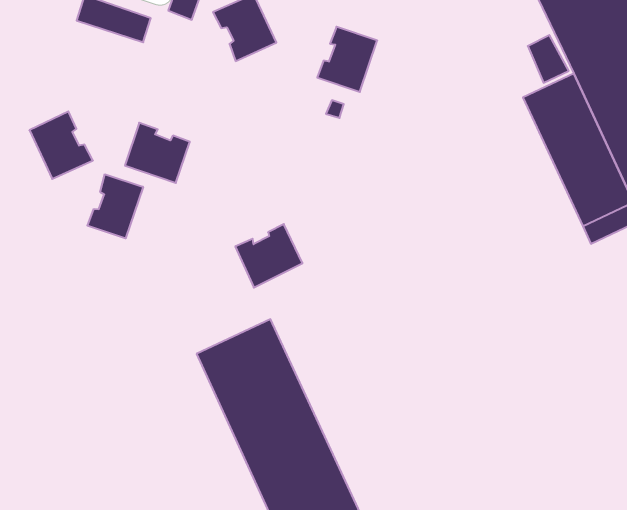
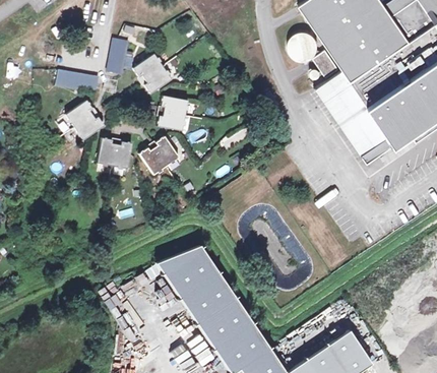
building: [317,27,377,92] -> [158,96,188,130]
building: [29,111,93,179] -> [66,100,105,139]
building: [87,174,143,238] -> none
building: [235,224,303,288] -> [139,136,179,175]

